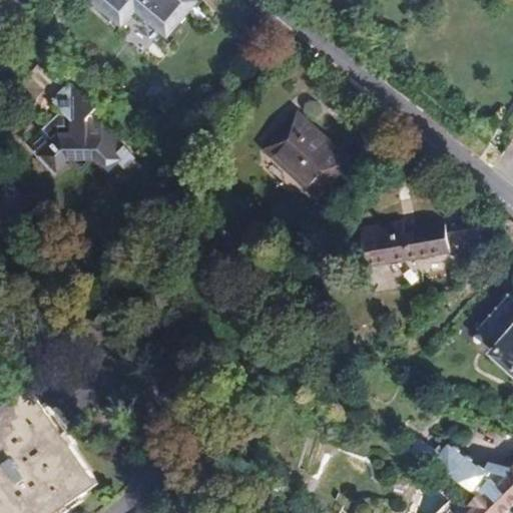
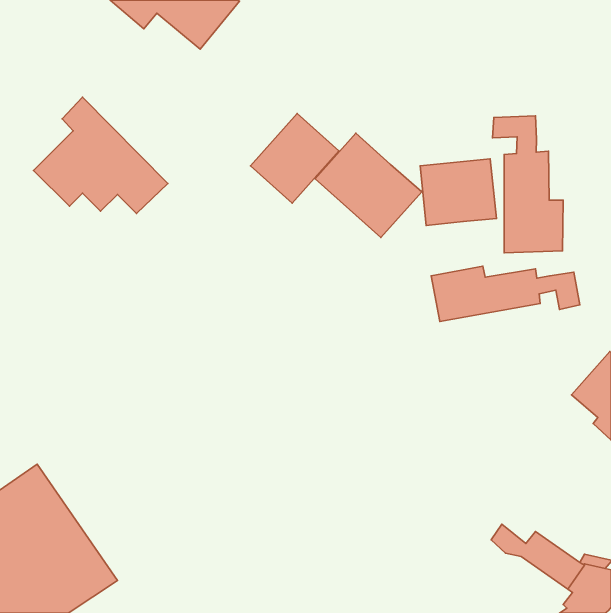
building: none -> [250,114,339,203]
building: none -> [493,116,563,253]
building: none -> [420,159,496,226]

